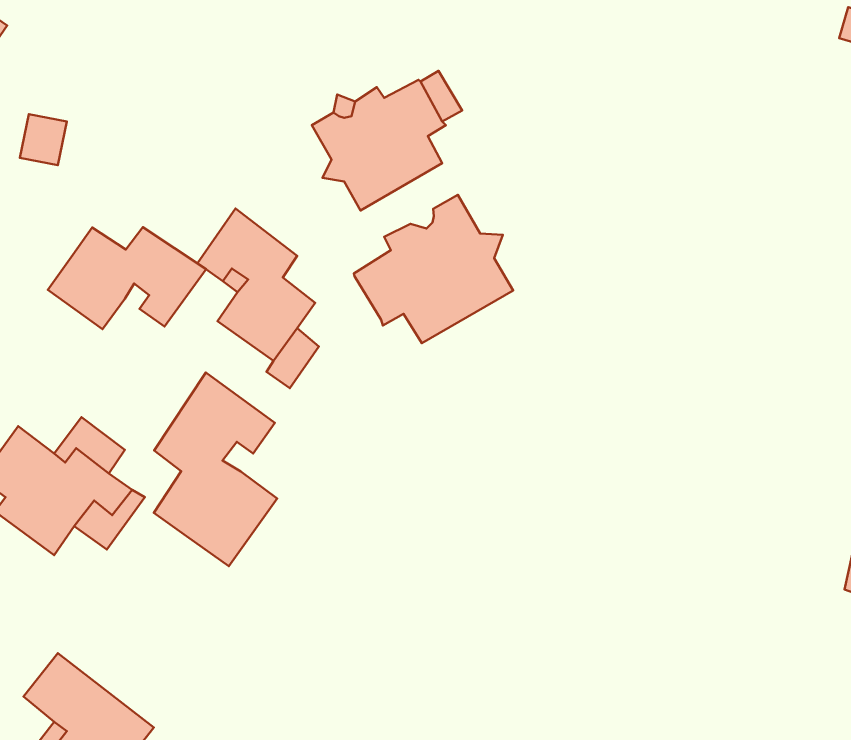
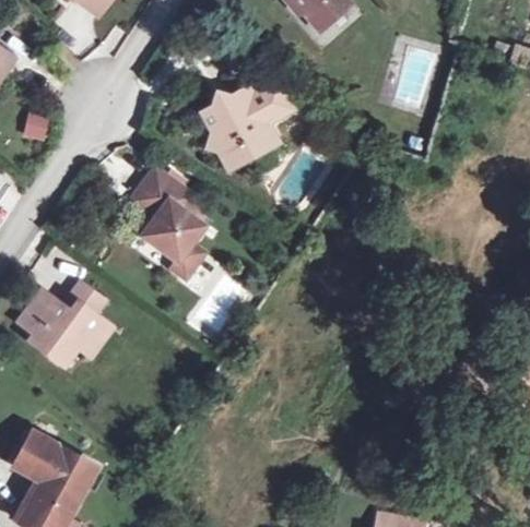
building: [354,195,513,343] -> none
building: [48,227,206,329] -> none
building: [154,373,277,566] -> none

